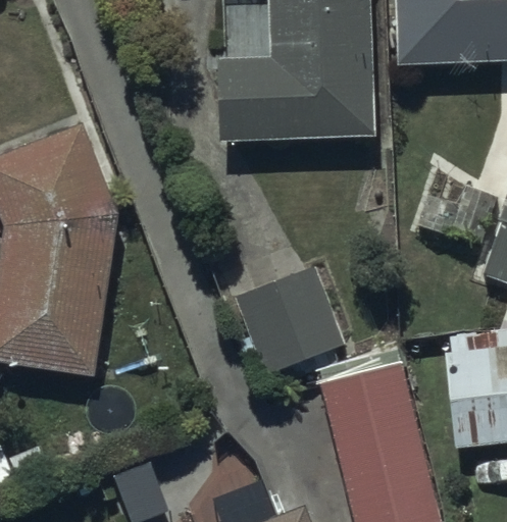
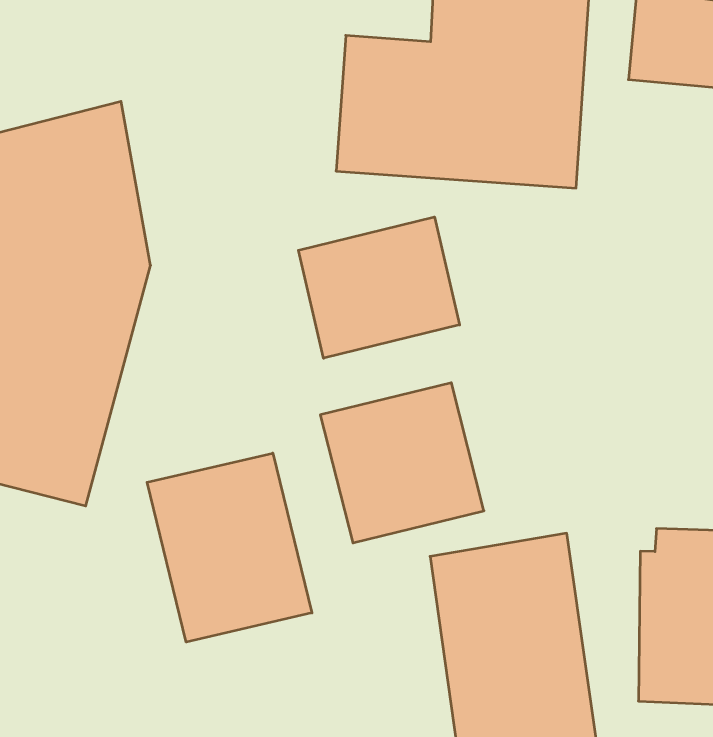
building: none -> [298,217,460,358]
building: none -> [147,453,312,642]

